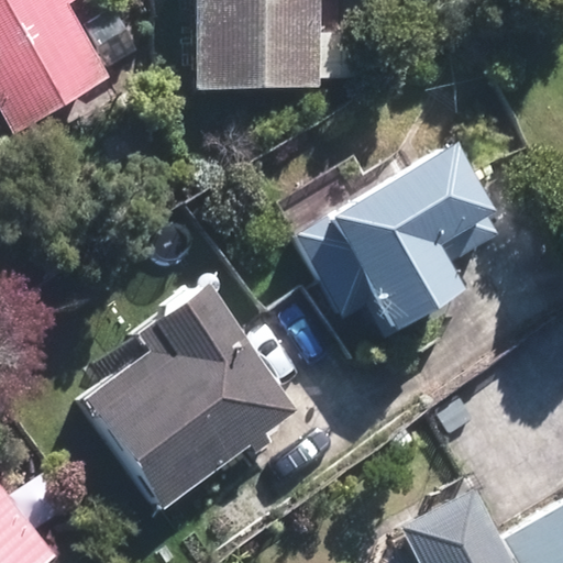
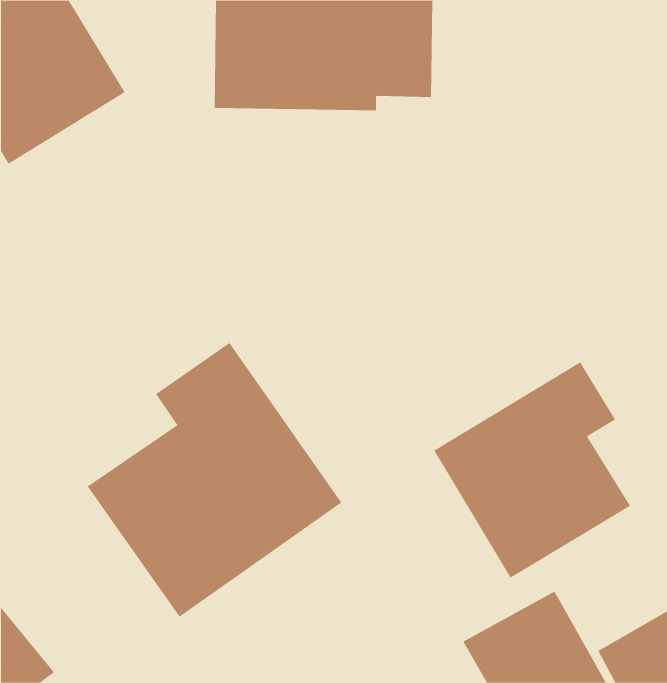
building: [296,139,496,325] -> none
building: none -> [433,361,631,579]

